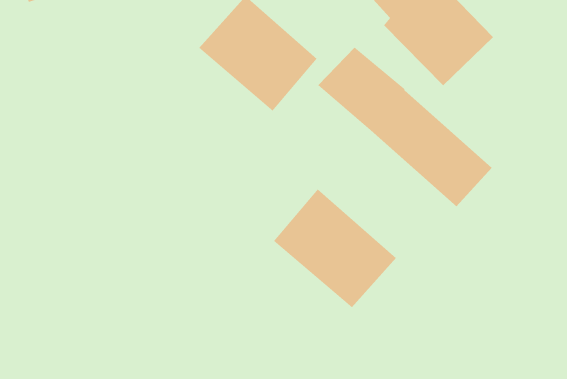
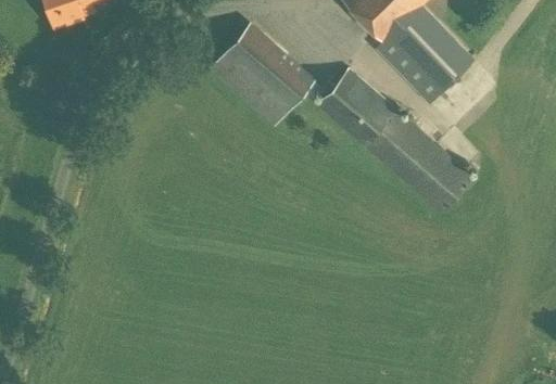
building: [273,188,397,308] -> none

